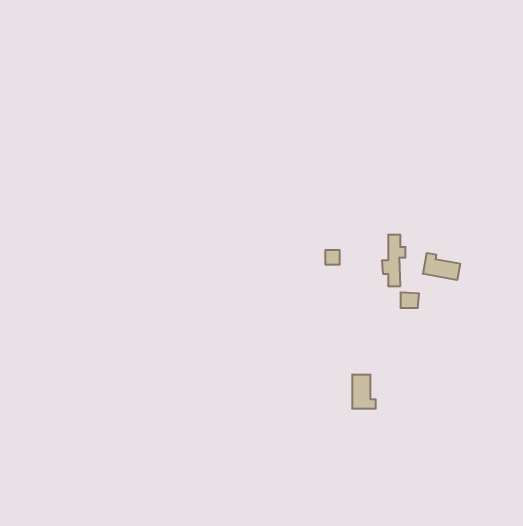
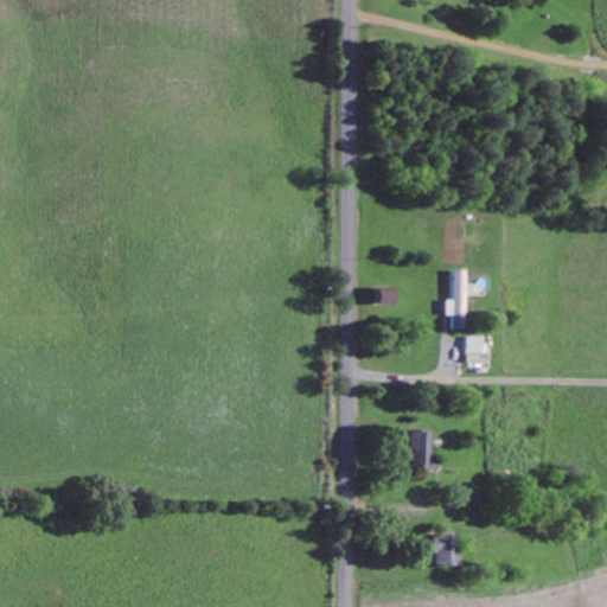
building: [423,253,460,280] -> none
building: none -> [434,536,461,567]

